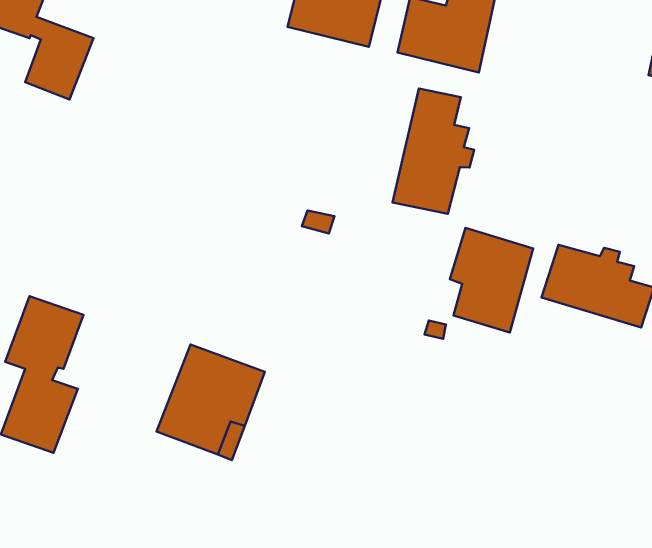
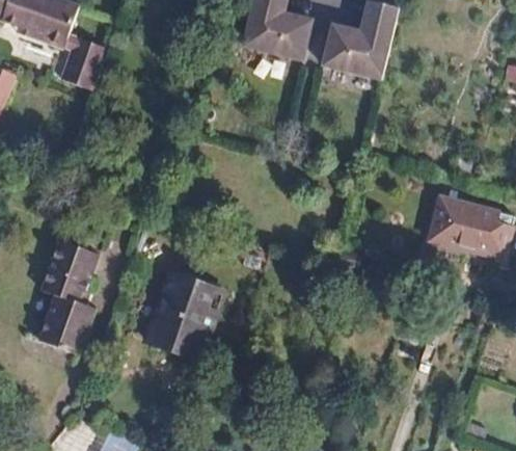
building: [393,88,474,214] -> none
building: [450,228,533,332] -> none

